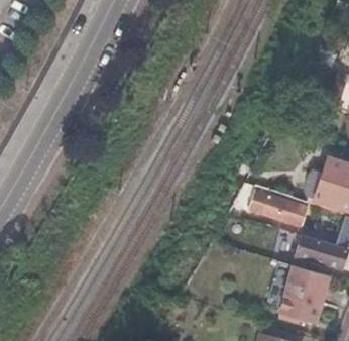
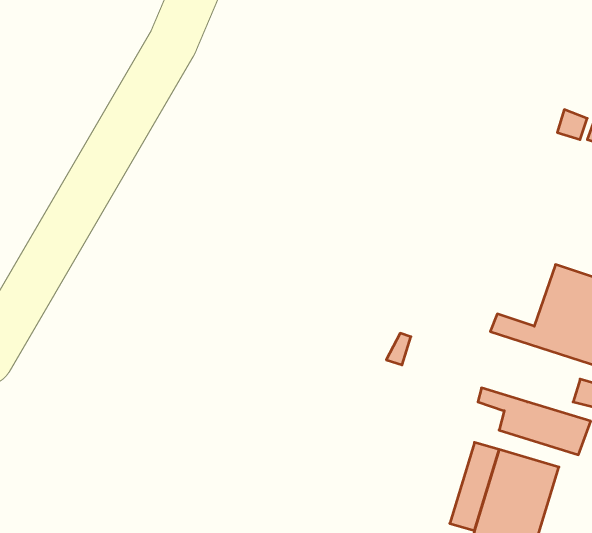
building: [243,189,302,228] -> none

